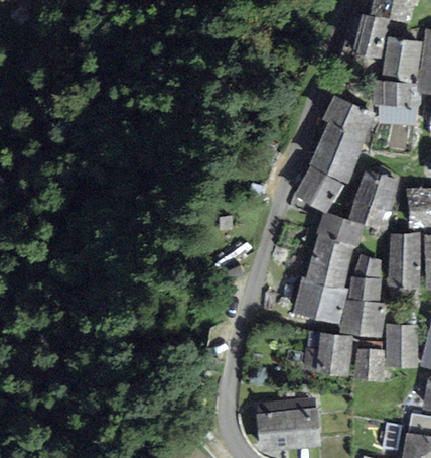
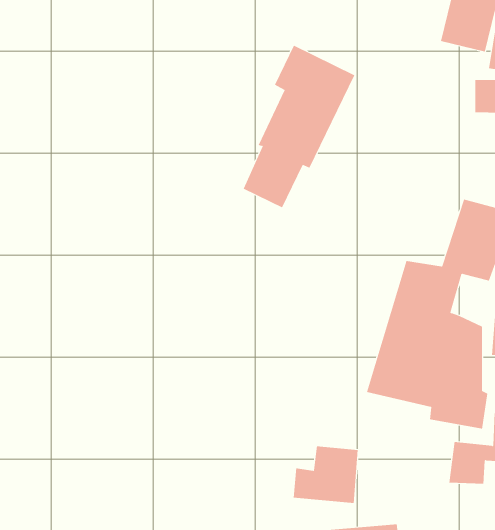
building: [297,90,380,210] -> [243,45,355,208]
building: [304,332,352,374] -> [293,446,359,503]

